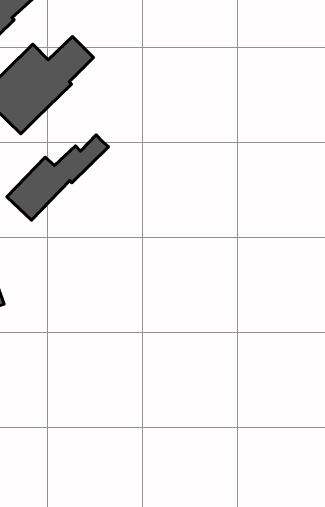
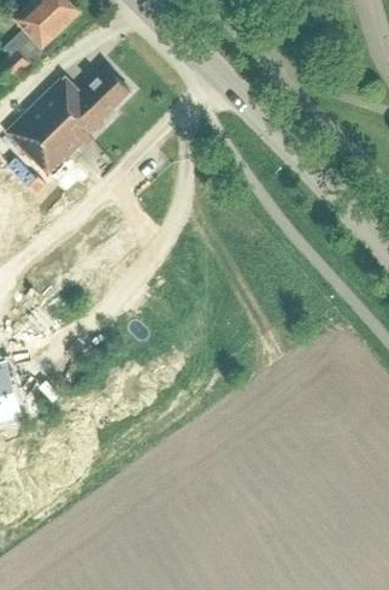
building: [7,135,109,220] -> none

